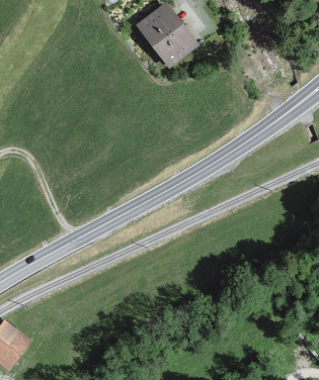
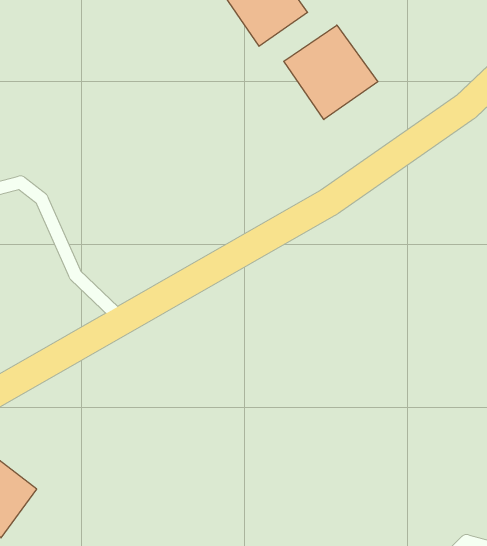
building: none -> [284,25,378,120]

